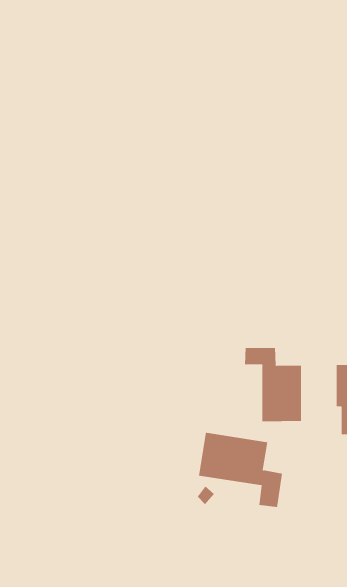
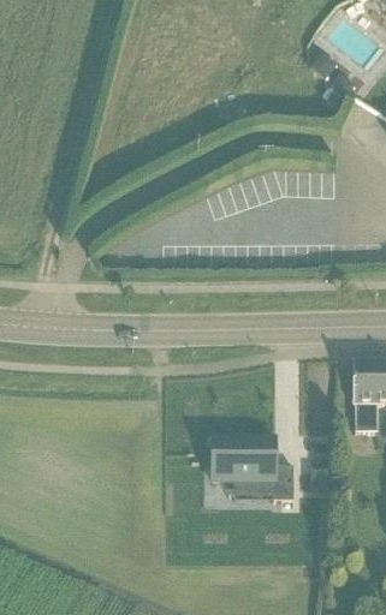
building: [245,347,302,422] -> none

